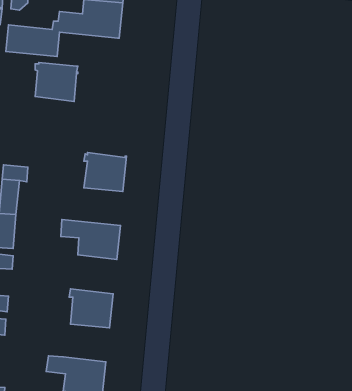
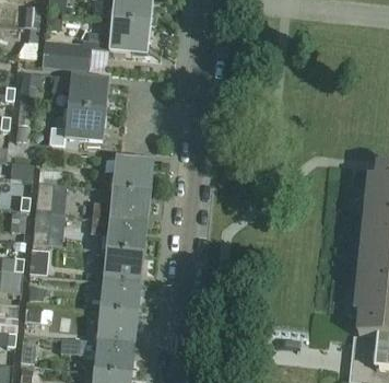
building: none -> [50,106,103,147]
building: none -> [92,188,146,222]
building: none -> [99,248,141,283]
building: none -> [93,311,134,345]

